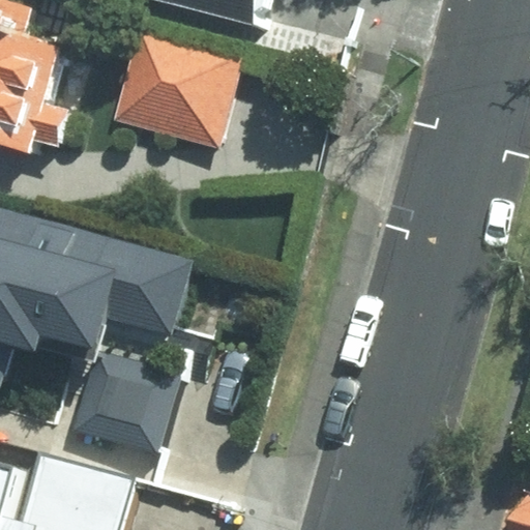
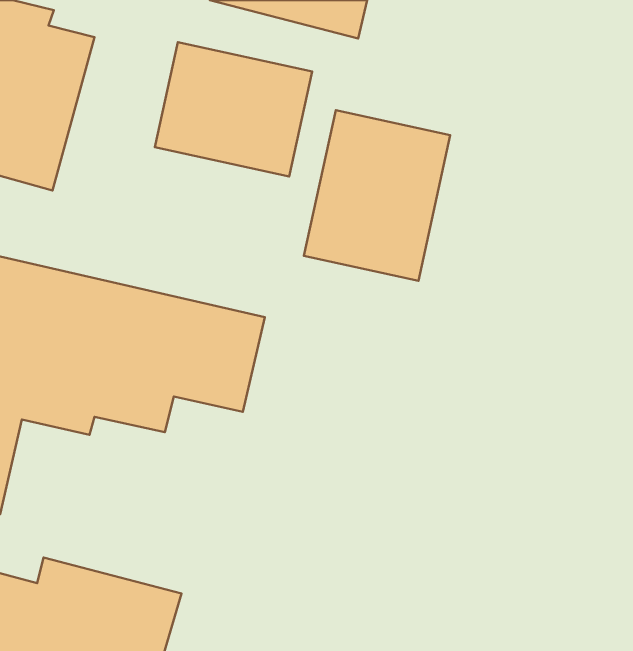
building: none -> [304,110,450,281]
building: [75,359,186,458] -> none

